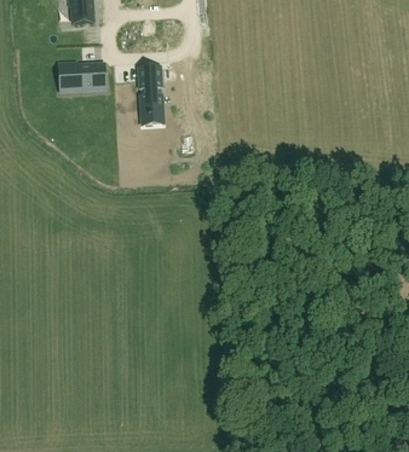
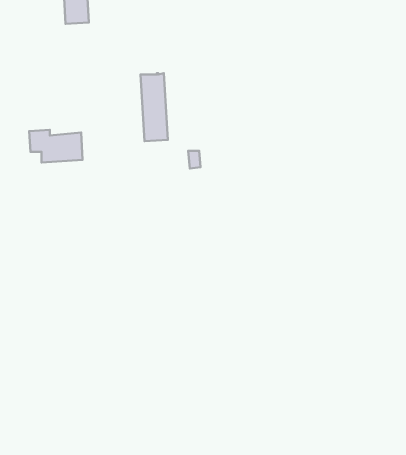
building: [58,63,105,92] -> [29,130,82,163]

